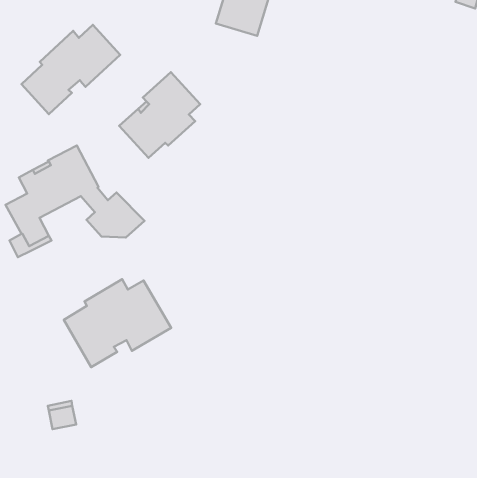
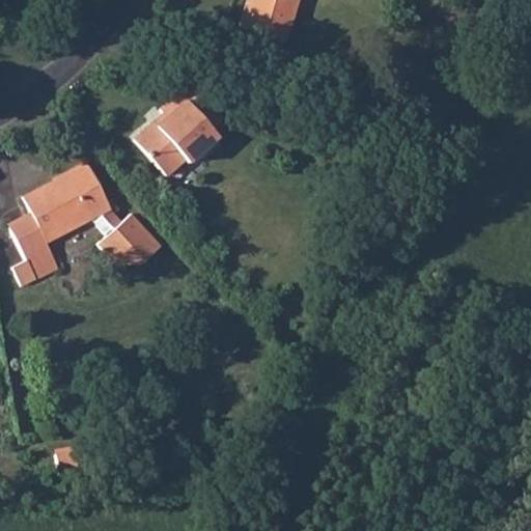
building: [21,25,120,114] -> none
building: [64,279,171,367] -> none

